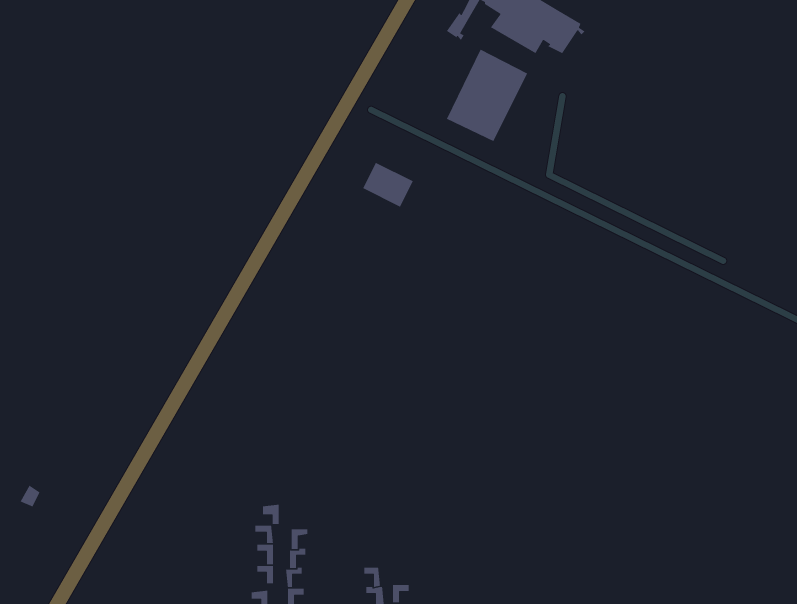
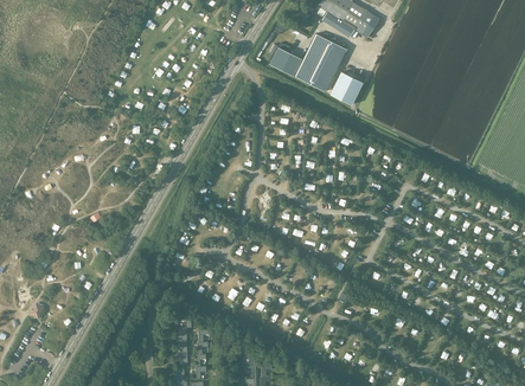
building: none -> [329,71,363,104]
building: [362,162,414,208] -> [269,47,301,76]

